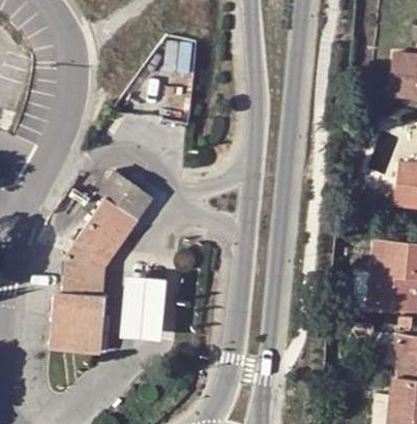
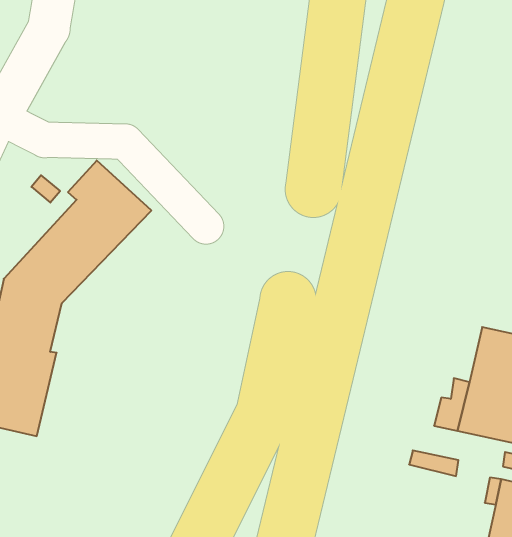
building: [120,273,166,340] -> none

